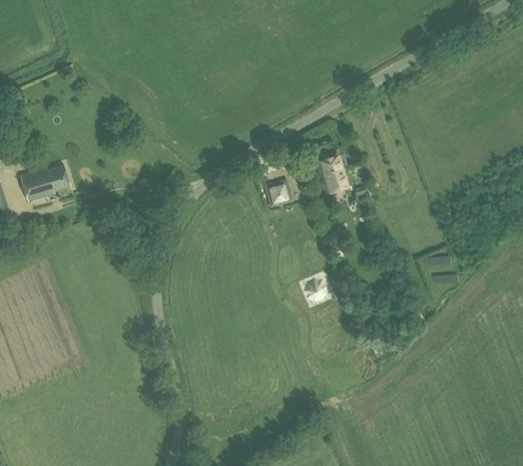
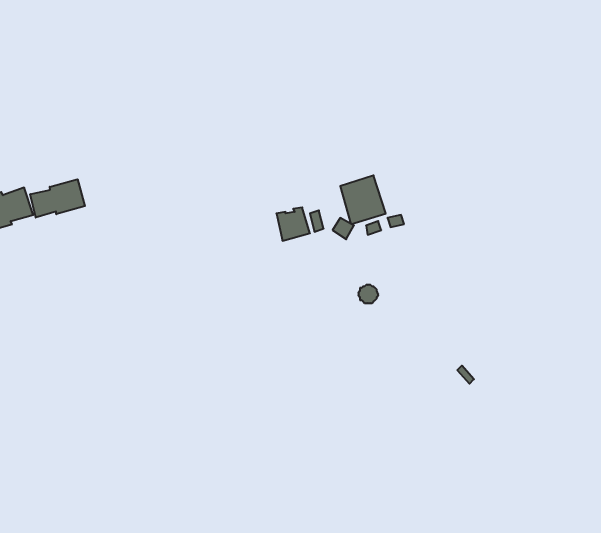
building: none -> [30,179,85,218]

